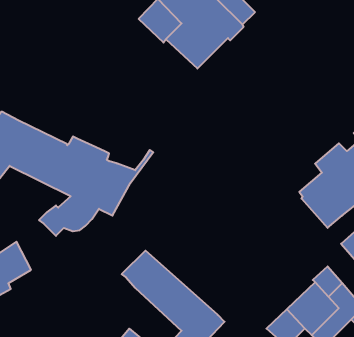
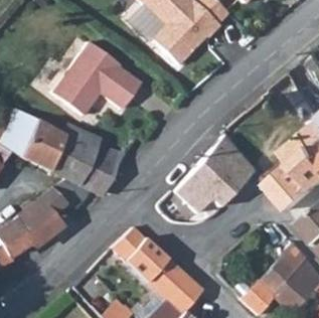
building: none -> [51,44,142,118]
building: none -> [175,135,260,214]
building: none -> [15,202,59,247]

